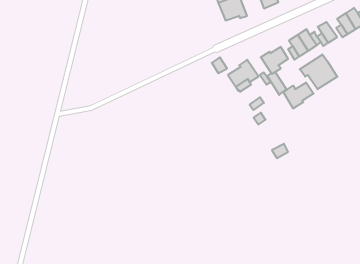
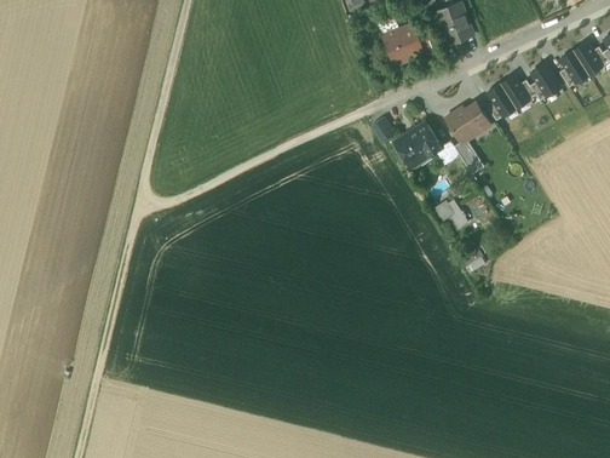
building: [300,54,337,89] -> none
building: [283,82,314,109] -> none

